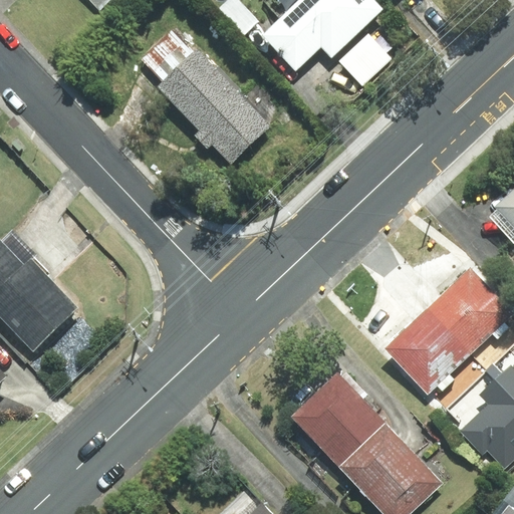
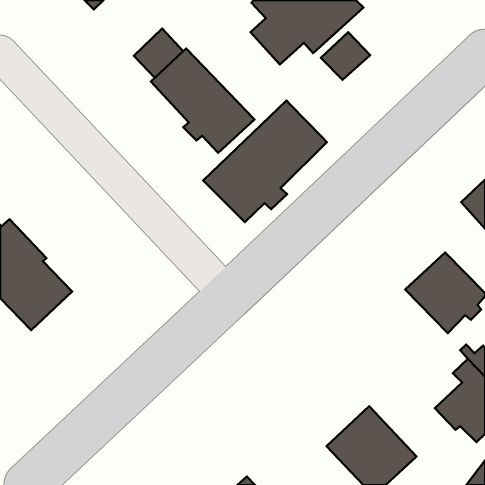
building: none -> [203,101,327,222]
building: [384,306,474,394] -> none
building: [293,374,391,472] -> none

